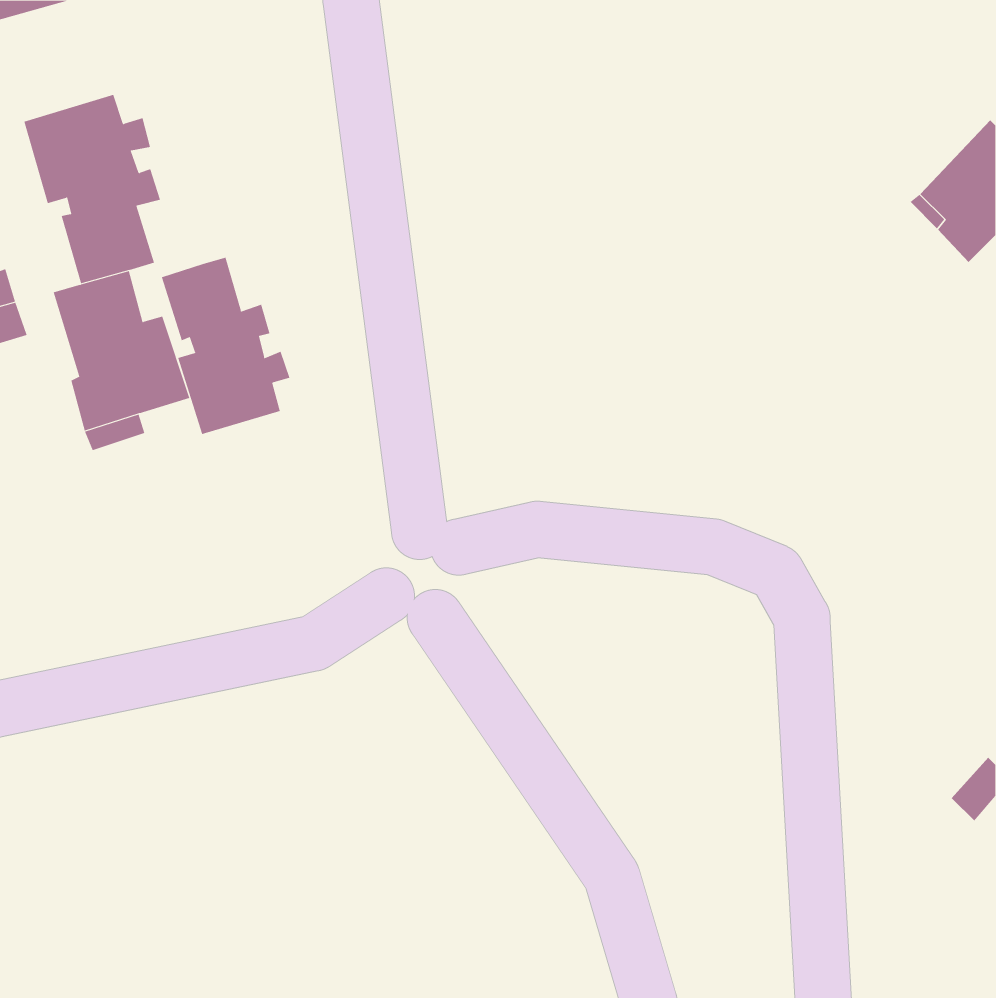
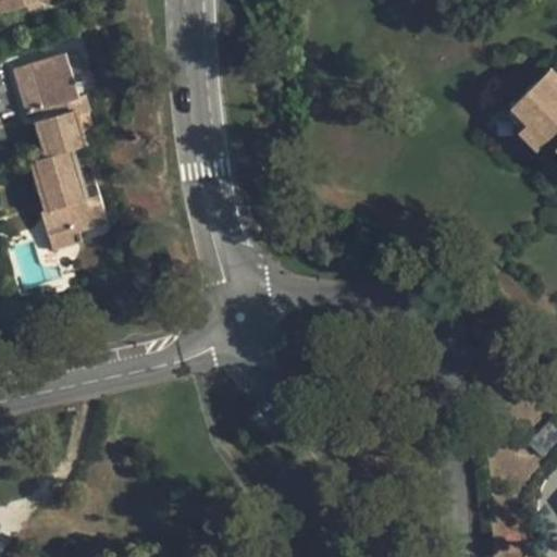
building: [161,257,290,435] -> none

